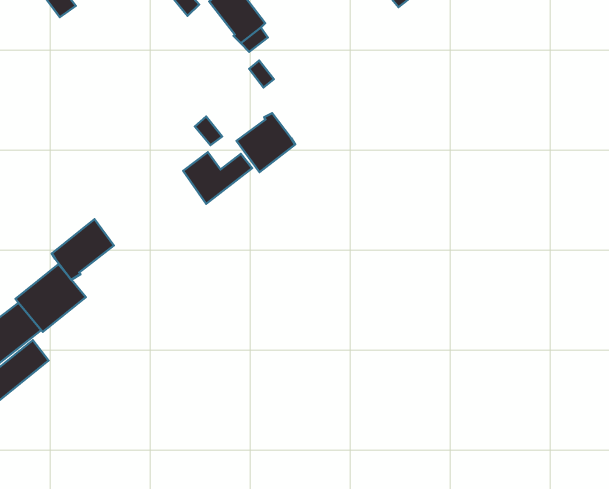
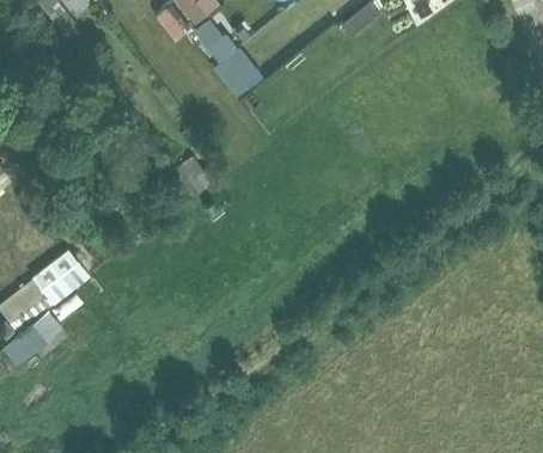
building: [237,113,295,172] -> none
building: [52,219,114,280] -> none

